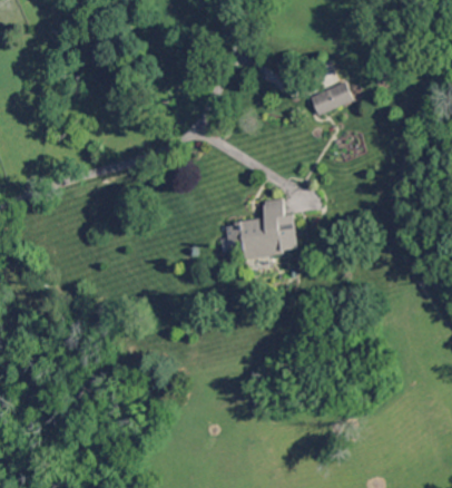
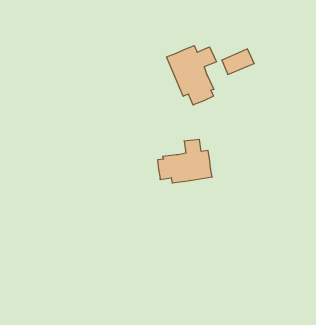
building: none -> [167,46,216,105]

